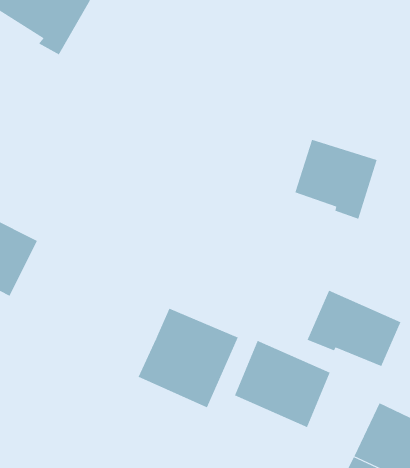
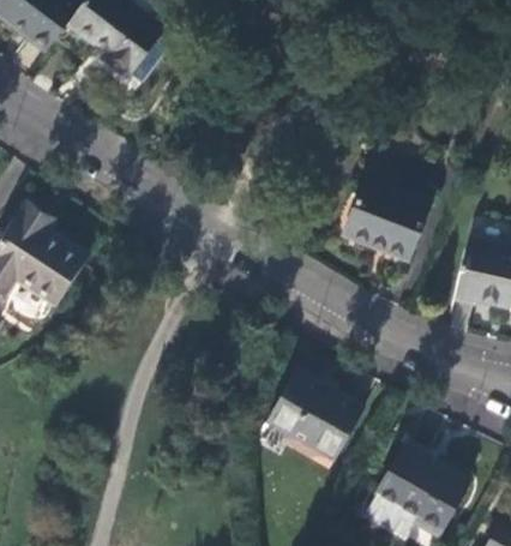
building: [307,290,401,367] -> none
building: [138,308,238,408] -> none

